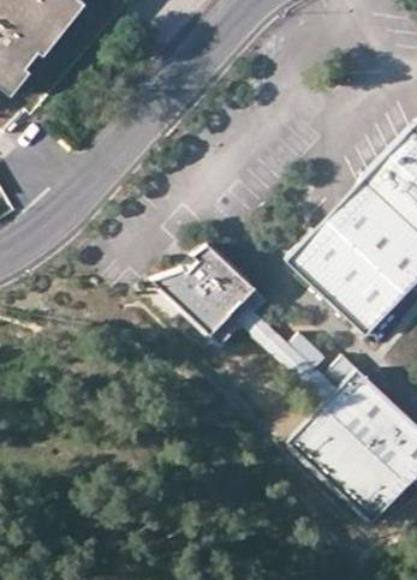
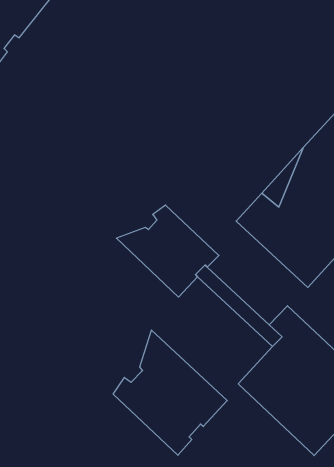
building: none -> [113,330,227,455]

